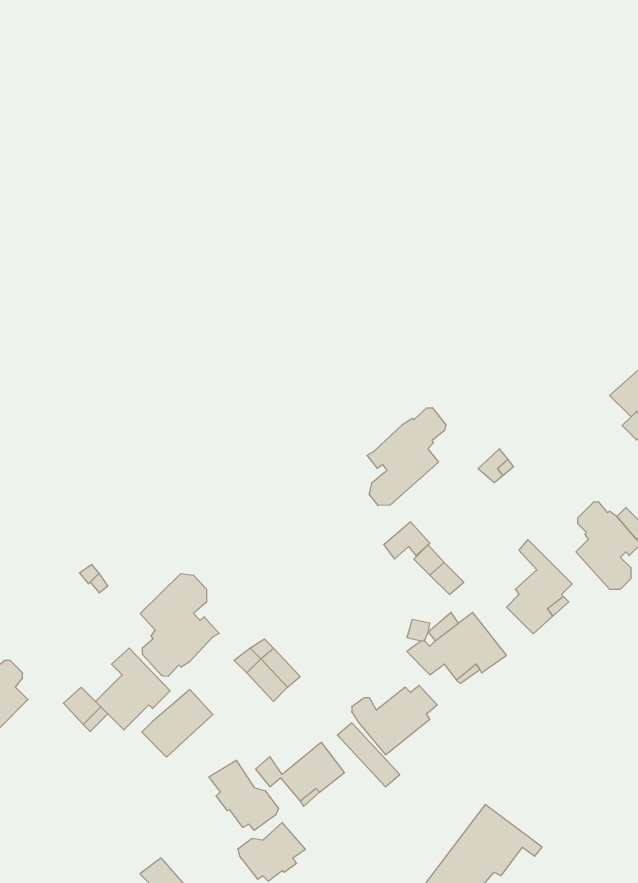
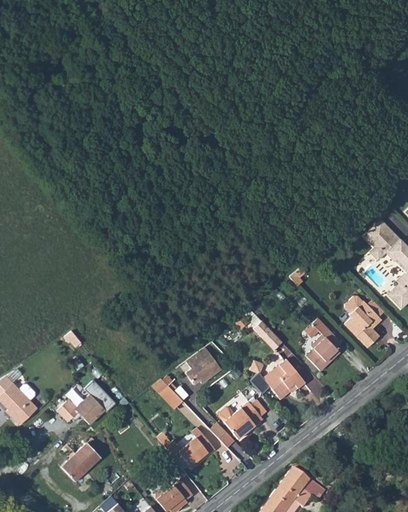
building: [367,408,446,506] -> none
building: [140,574,219,676] -> none
building: none -> [185,346,221,384]
building: [142,689,213,757] -> [60,442,100,480]
building: [209,760,278,830] -> none

